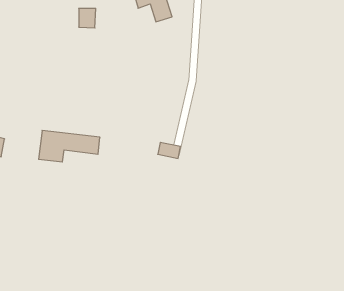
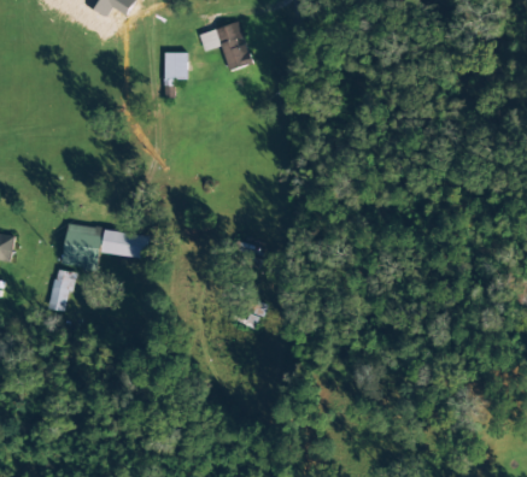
building: [79,8,96,28] -> [164,52,188,80]
building: none -> [49,269,72,311]

